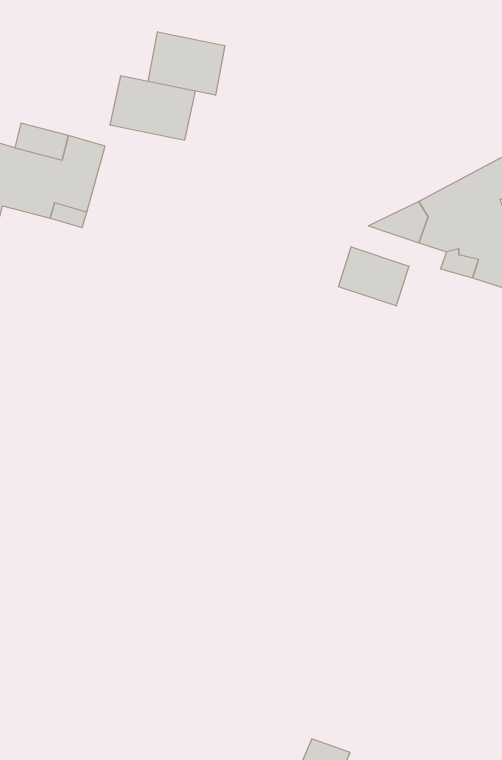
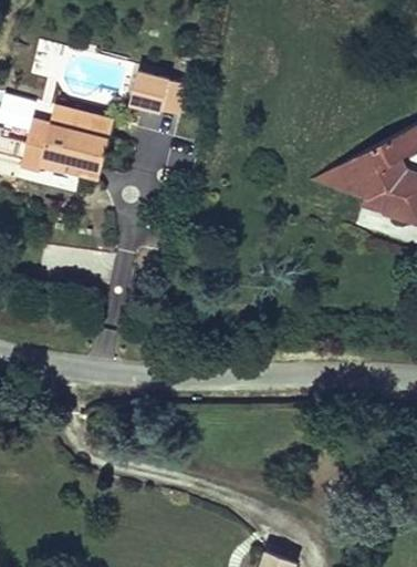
building: [148,32,225,95] -> none
building: [339,247,409,306] -> none

